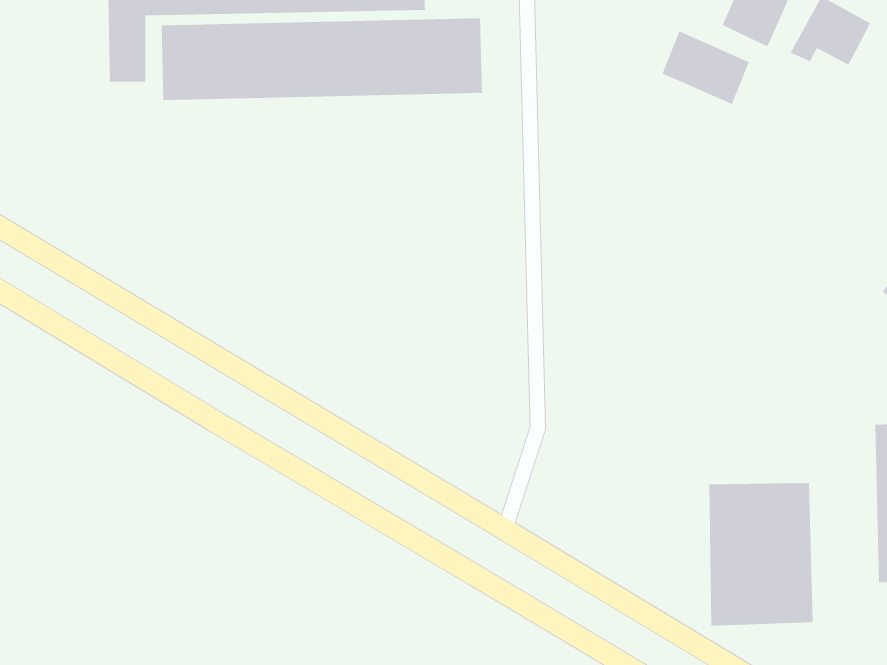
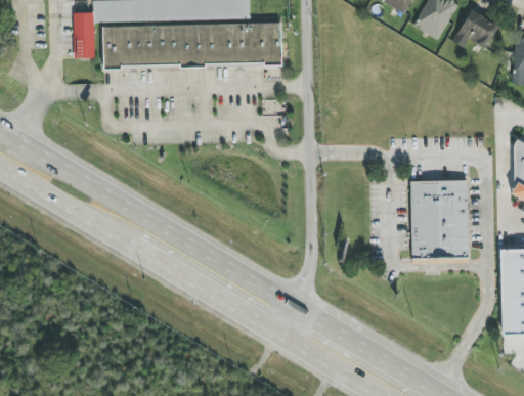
building: [662,30,750,105] -> none
building: [709,482,813,626] -> [410,179,469,259]

